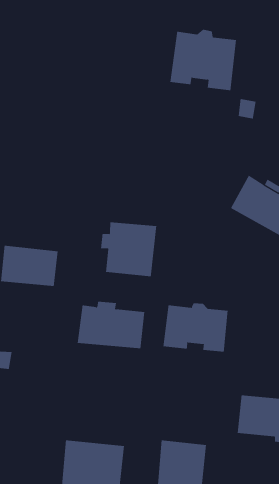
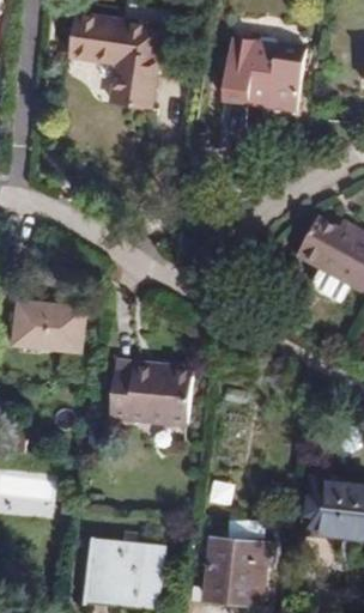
building: none -> [67,14,160,109]
building: [101,222,157,277] -> none
building: [163,303,228,353] -> none

